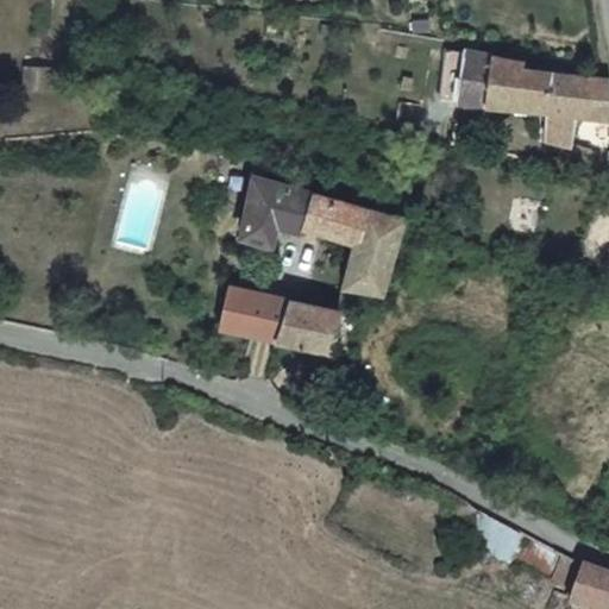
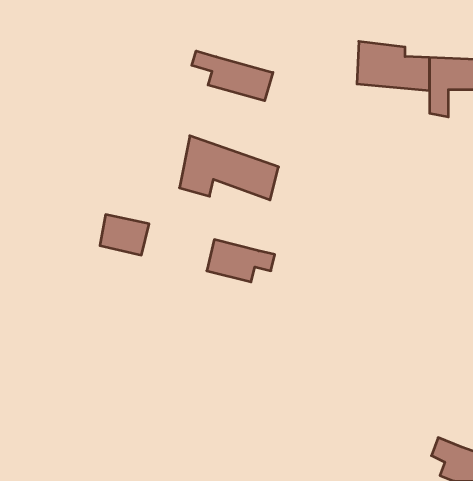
building: none -> [192,51,273,101]
building: [345,211,402,295] -> none
building: [220,290,282,341] -> [100,215,149,255]

